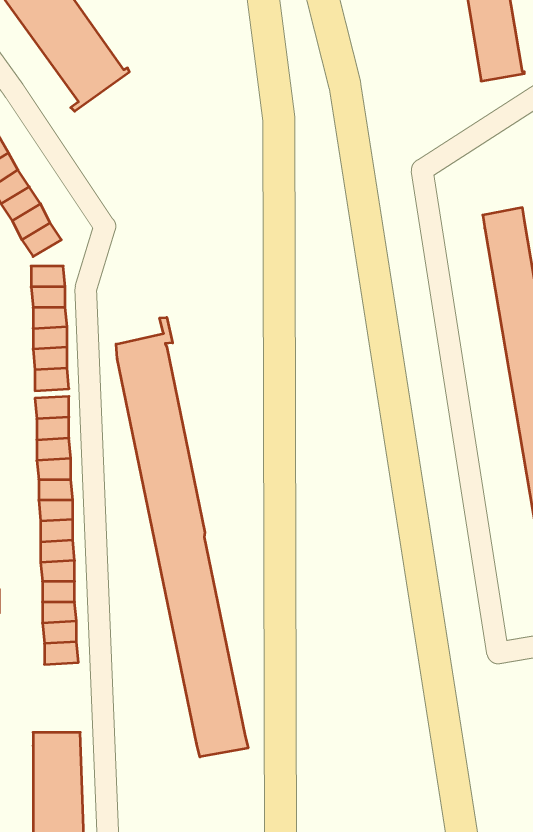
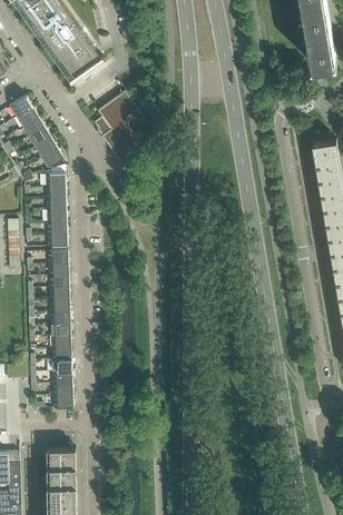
building: none -> [94,91,144,165]
building: [116,317,248,757] -> none

